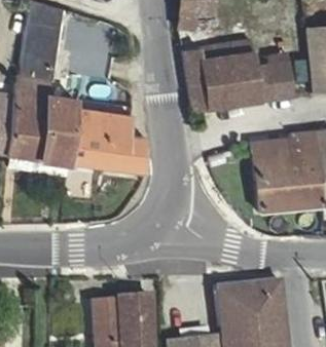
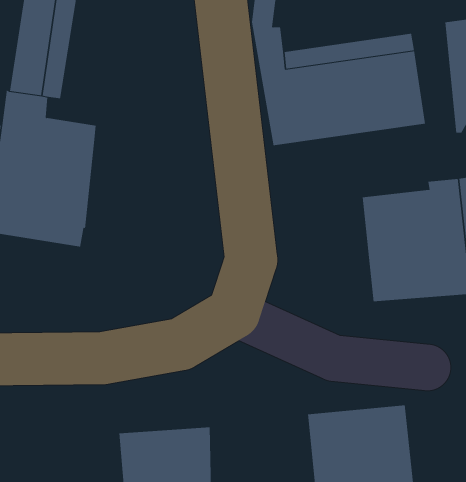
building: [70,106,147,175] -> none

